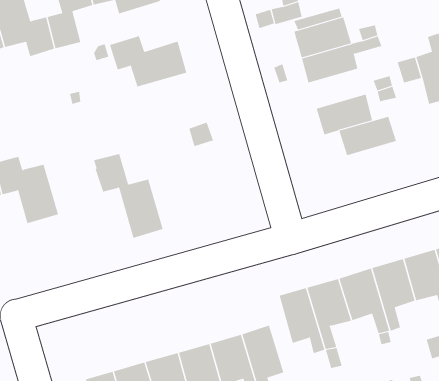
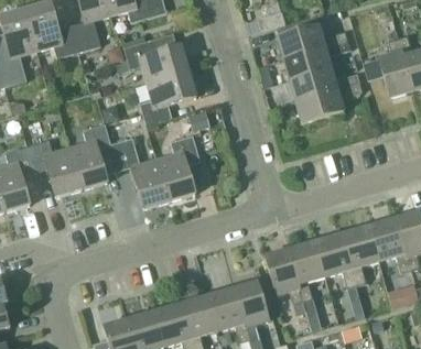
building: none -> [140,70,196,124]
building: [339,116,397,156] -> [289,67,337,100]
building: none -> [69,112,112,188]
building: none -> [156,134,199,200]

